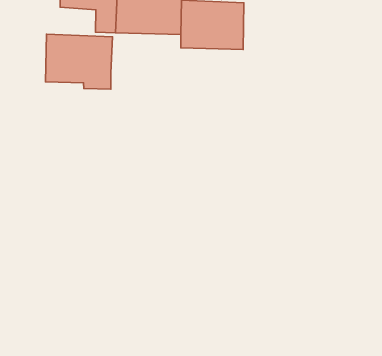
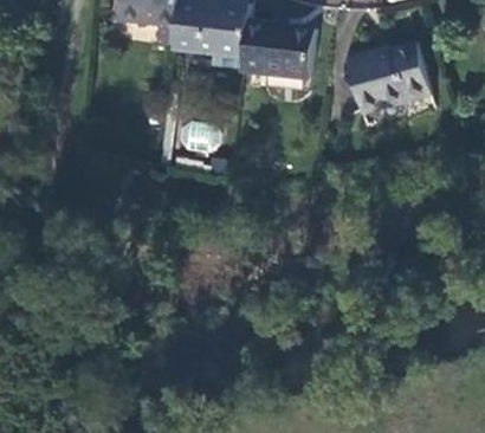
building: none -> [347,49,427,116]
building: [45,34,112,89] -> none

